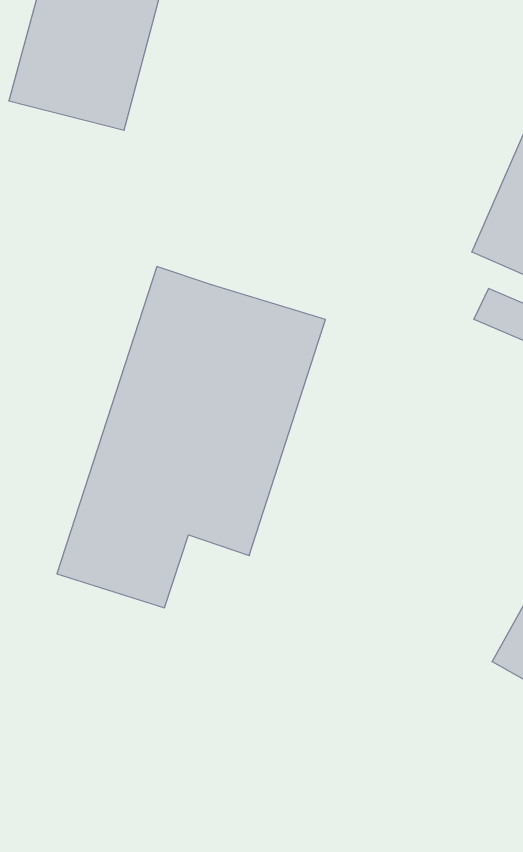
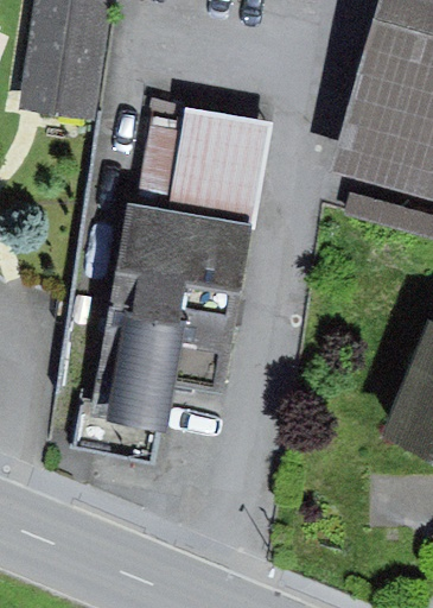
building: none -> [166,106,274,229]

